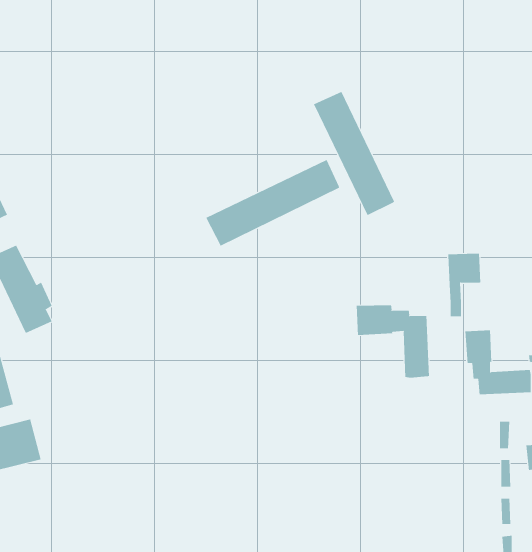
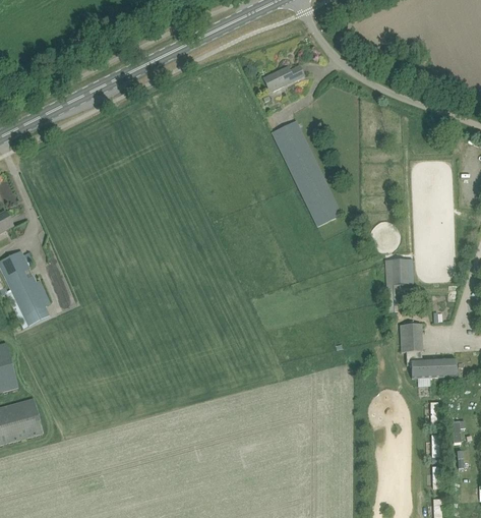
building: none -> [264,65,306,93]
building: [206,159,340,246] -> none
building: [356,305,430,379] -> none

